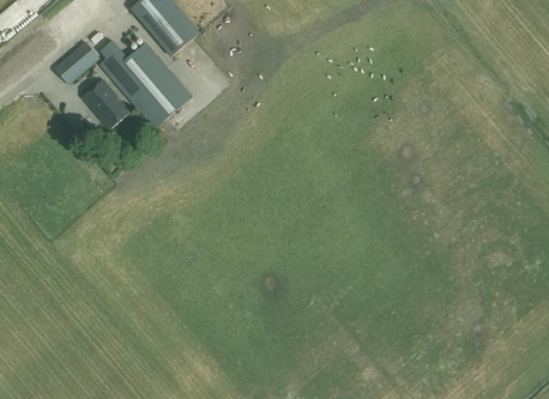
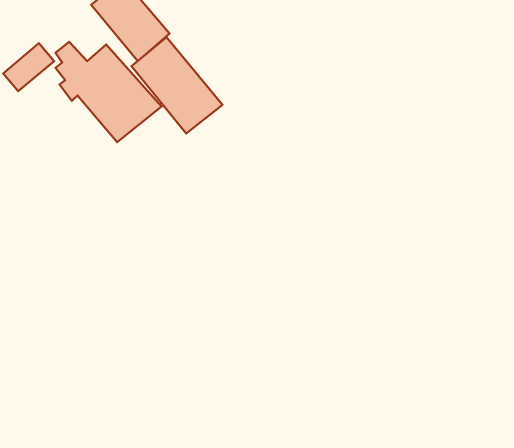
building: none -> [132,37,223,133]
building: [82,78,131,129] -> none

